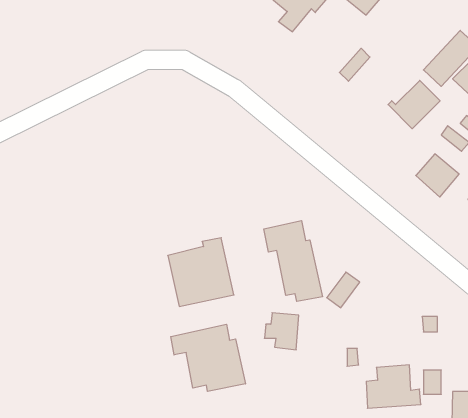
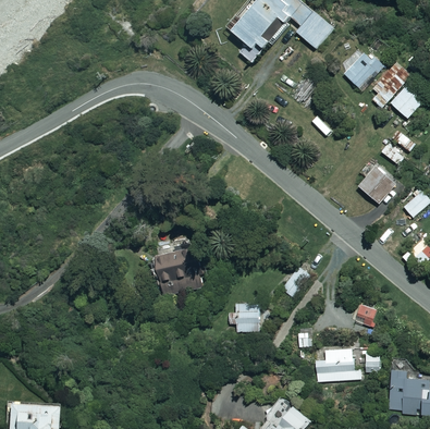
building: [388,80,440,129] -> [340,48,384,89]
building: [264,221,322,301] -> none
building: [171,324,245,391] -> none

